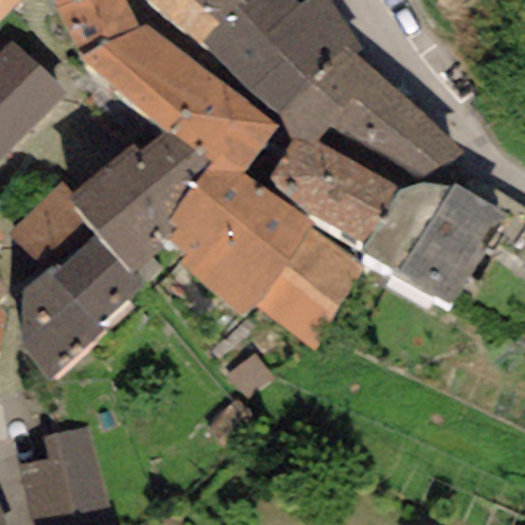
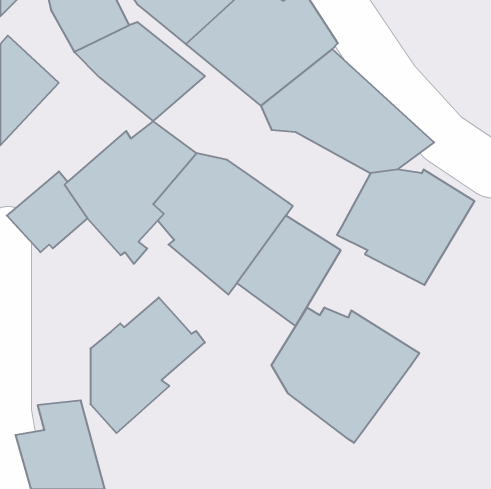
building: [164,81,277,170] -> none
building: [264,138,396,241] -> none
building: [22,233,144,377] -> [90,297,205,433]
building: none -> [271,307,419,443]

